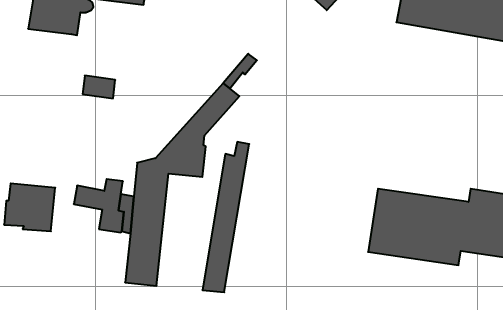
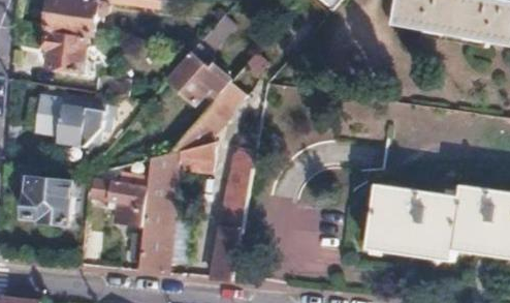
building: none -> [43,31,87,72]
building: none -> [166,42,230,105]
building: none -> [34,96,102,141]

